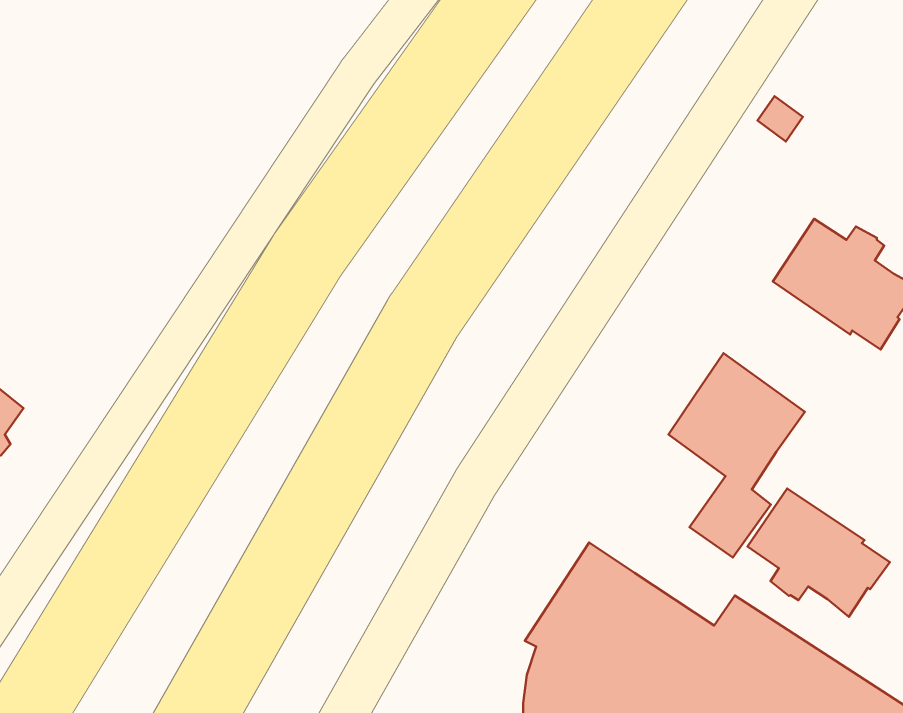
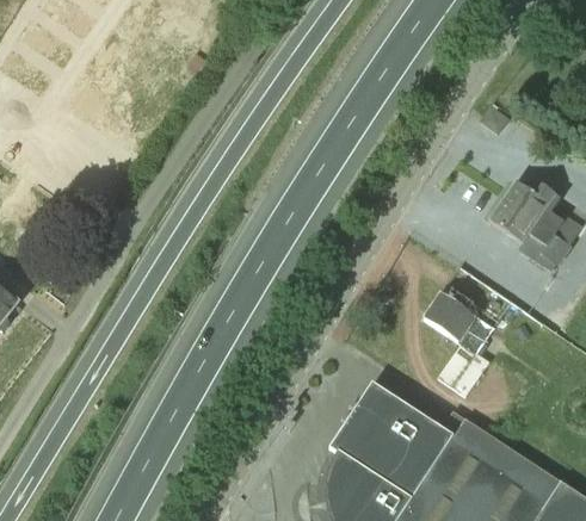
building: [748,488,890,617] -> none

